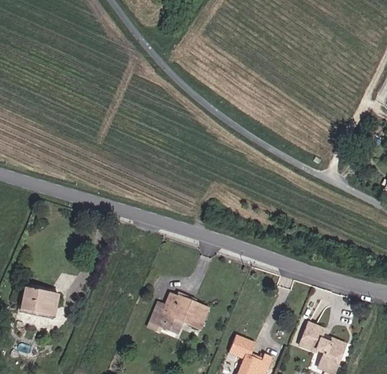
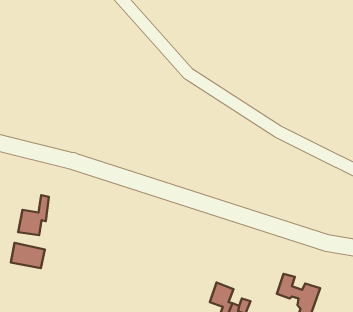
building: none -> [18,195,49,235]
building: [151,296,207,335] -> none

